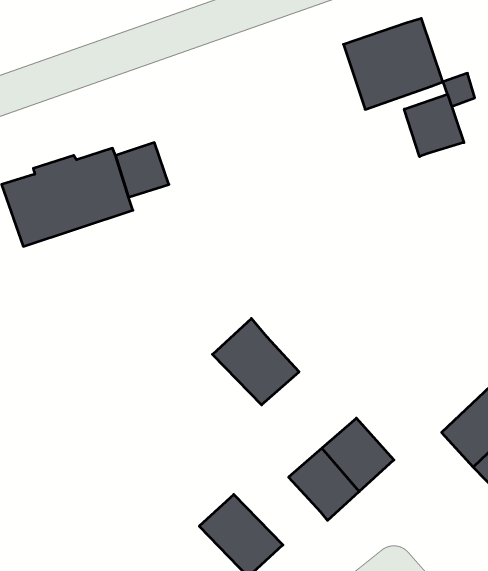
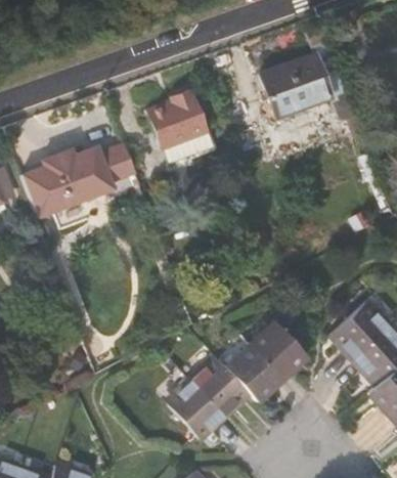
building: none -> [153,82,221,161]
building: [404,94,464,157] -> none
building: [212,318,299,405] -> [188,362,250,424]

